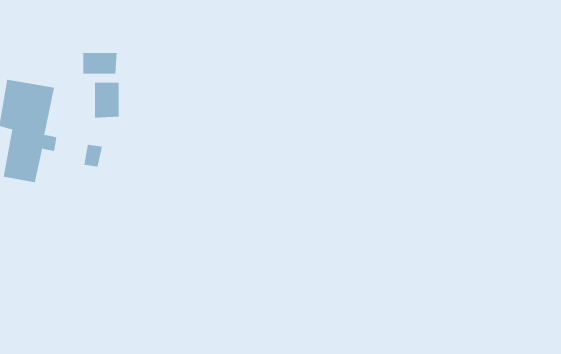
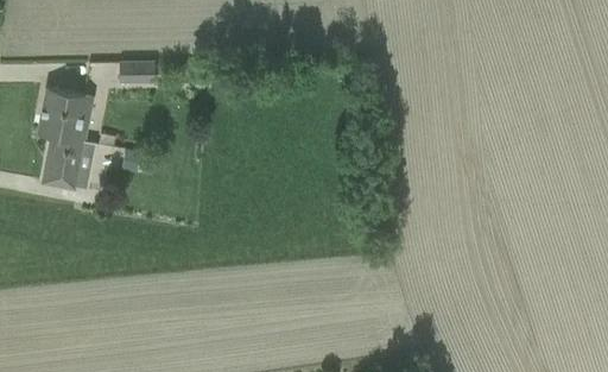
building: [95,82,119,118] -> none

